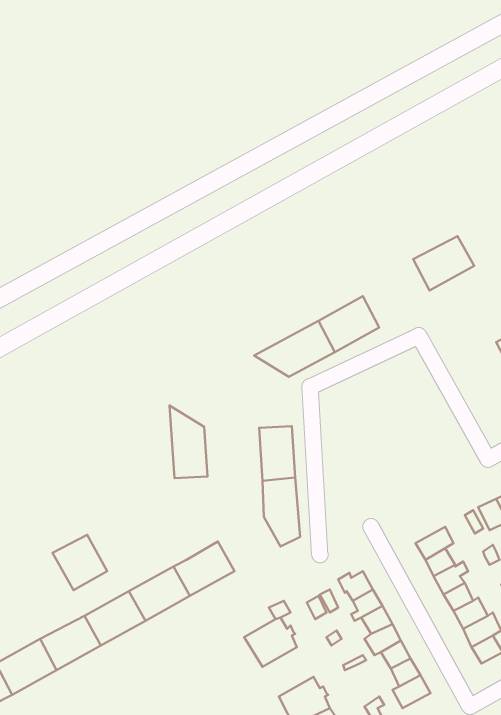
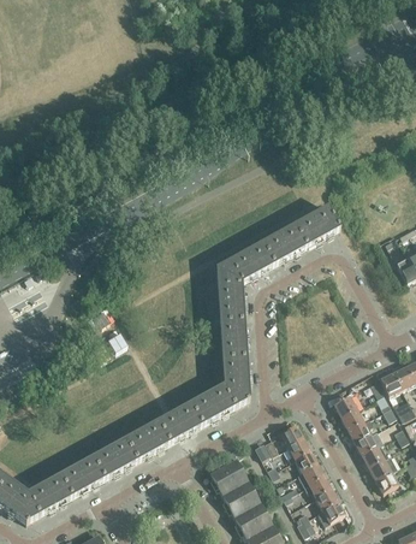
building: [413,236,474,291] -> [296,206,340,246]
building: [169,406,207,478] -> [216,266,244,319]
building: none -> [190,384,236,424]
building: [53,535,107,590] -> none
building: none -> [222,479,260,515]

